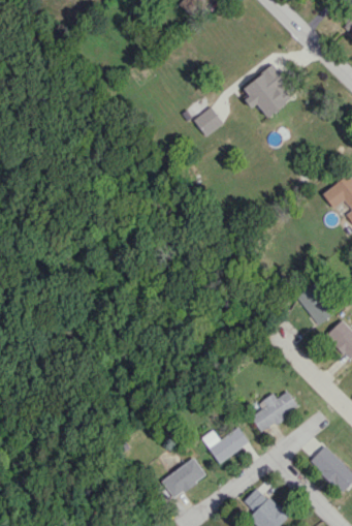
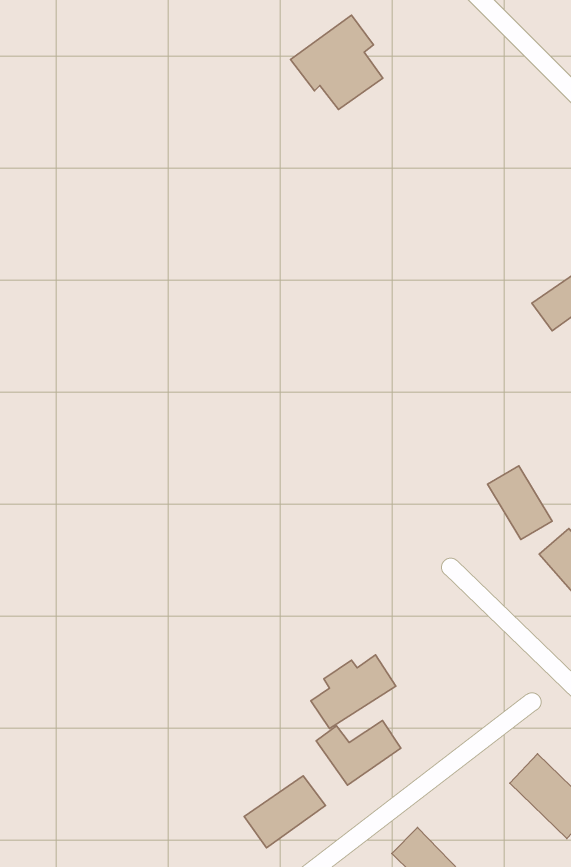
building: [241,64,292,117] -> [290,15,383,109]
building: [194,106,224,136] -> none
building: [251,391,298,432] -> [311,655,396,729]

